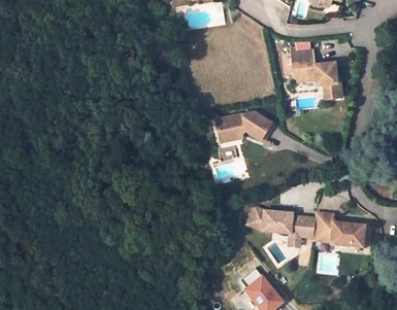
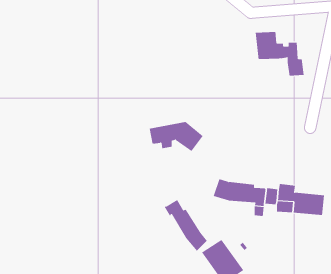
building: [219,107,276,139] -> [149,122,203,152]
building: none -> [164,199,208,252]

